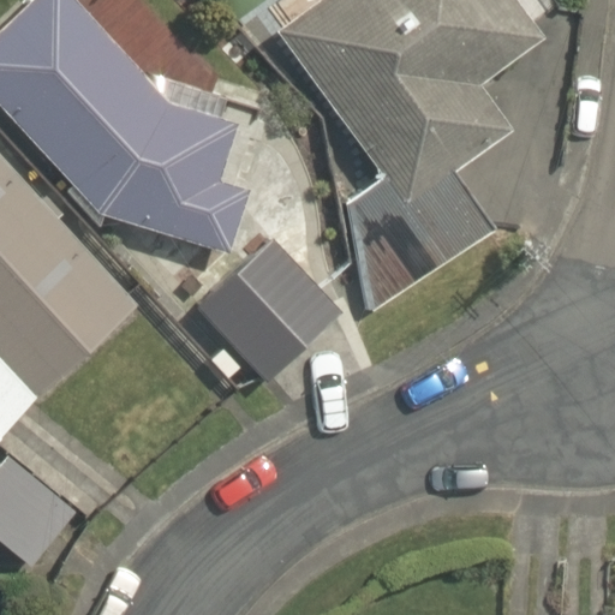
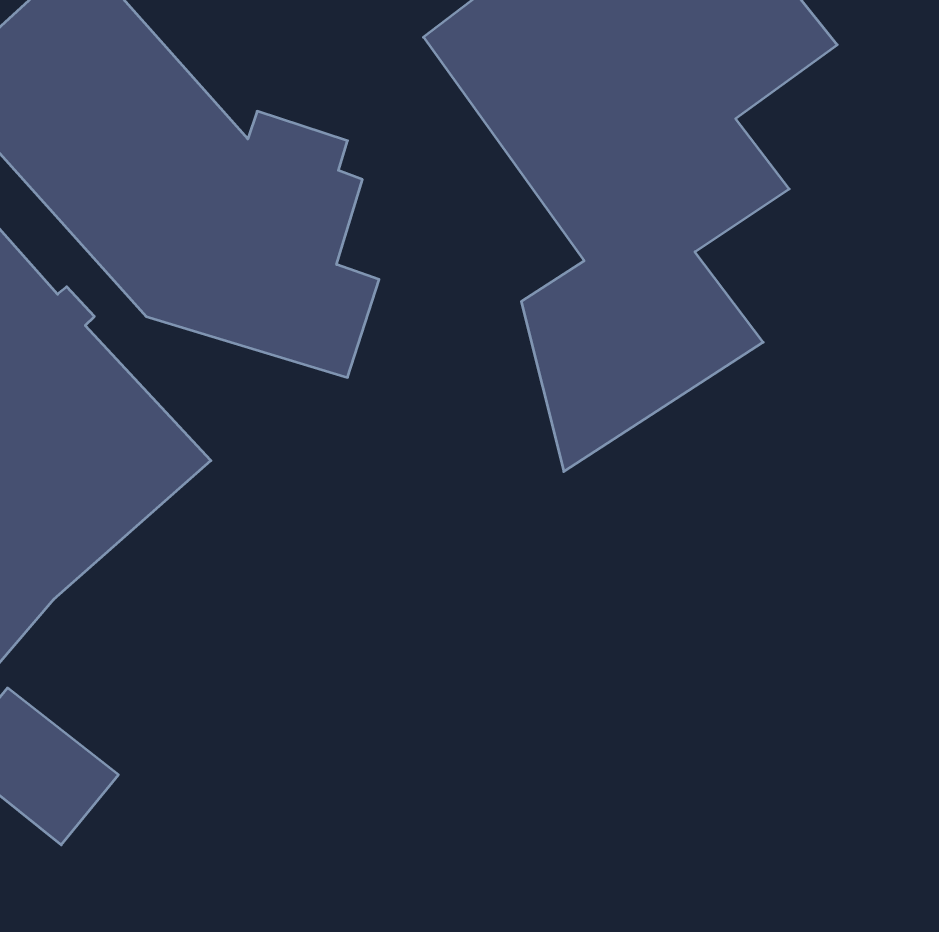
building: [196,237,342,382] -> none

